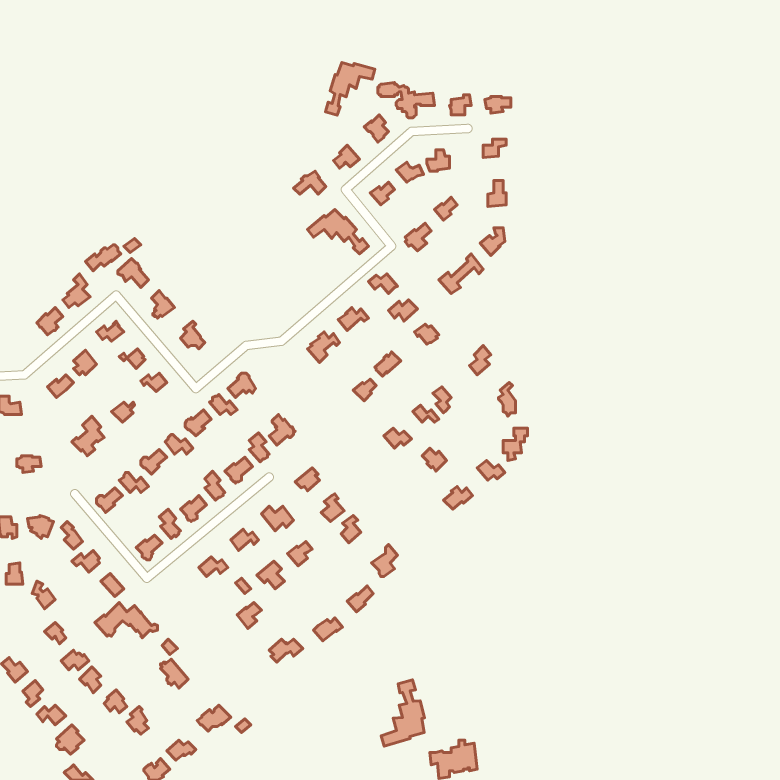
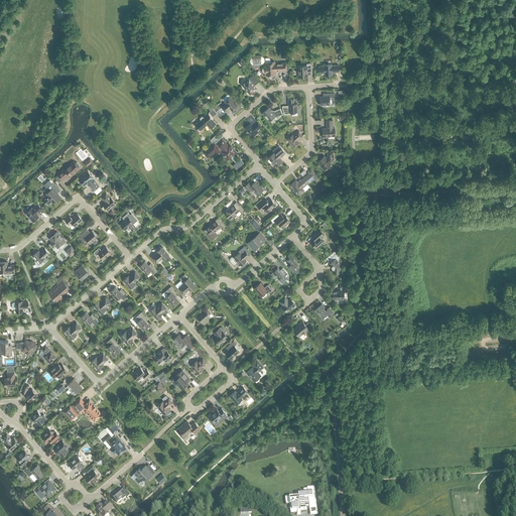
building: [326,63,375,115] -> none
building: [381,680,424,746] -> none

